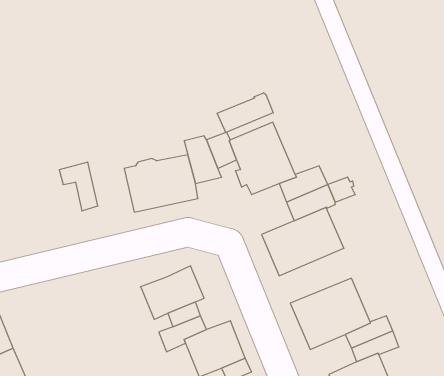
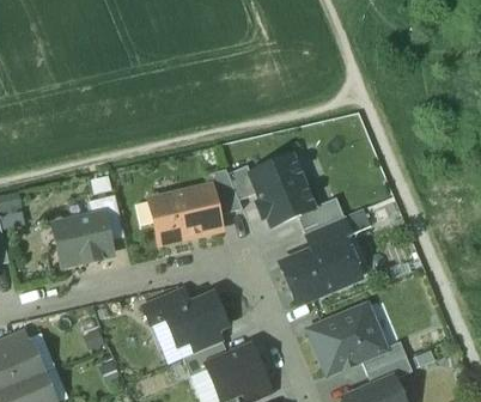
building: [217,93,273,133] -> none
building: none -> [53,212,110,263]
building: none -> [142,287,189,322]

